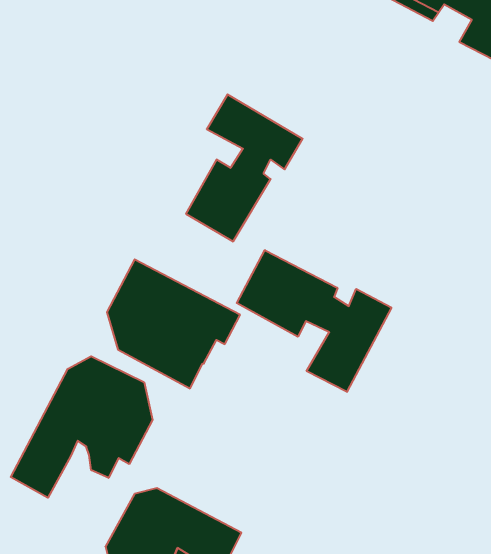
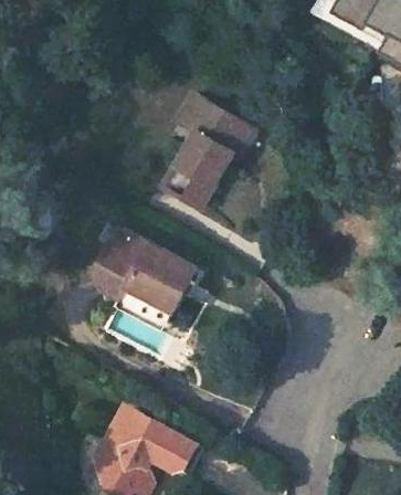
building: [237,250,391,392] -> none
building: [11,356,153,498] -> none

